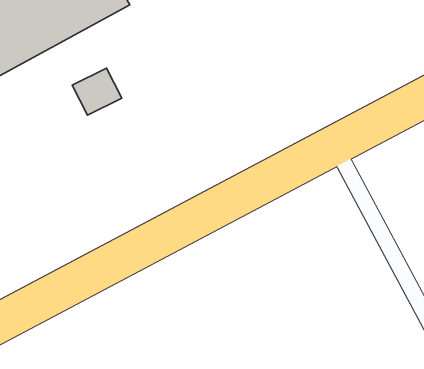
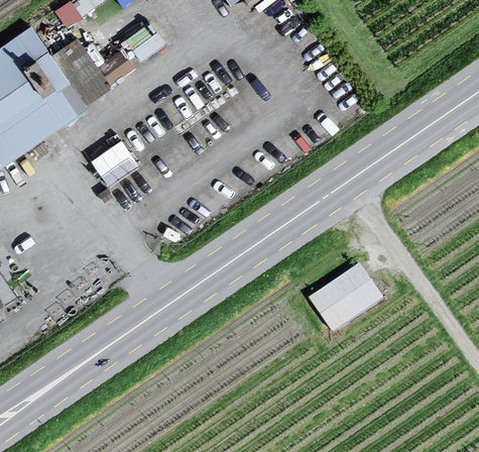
building: none -> [312,267,377,327]

